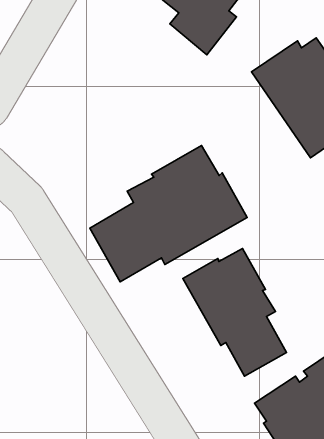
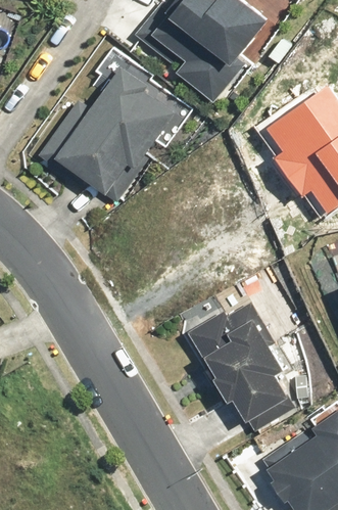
building: none -> [39,66,184,201]
building: [90,145,247,282] -> none

